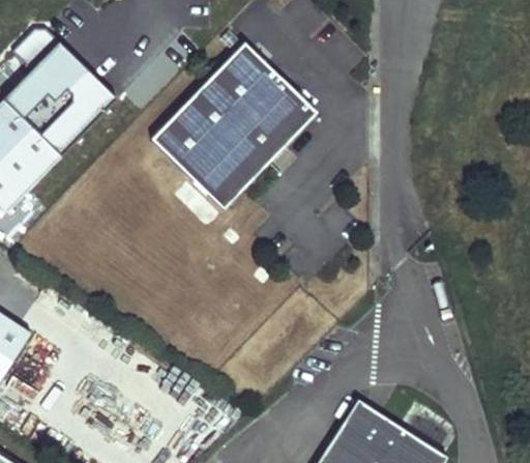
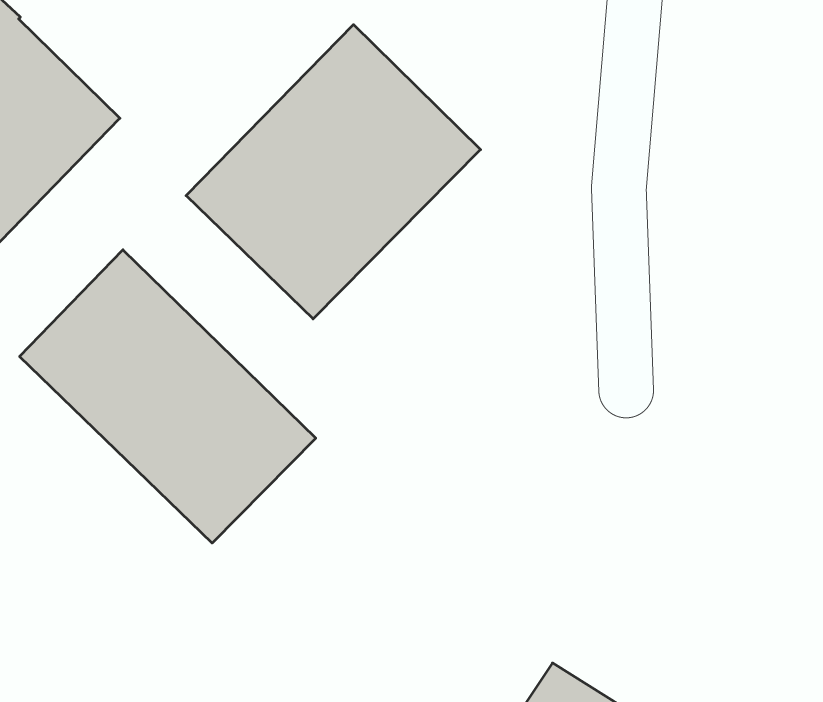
building: none -> [20,250,316,543]

